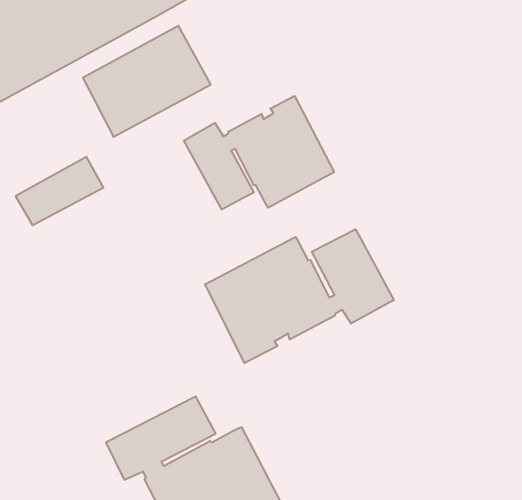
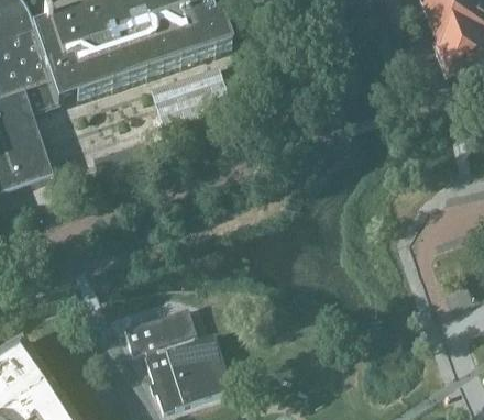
building: [184,96,334,209] -> none
building: [205,229,394,363] -> none

